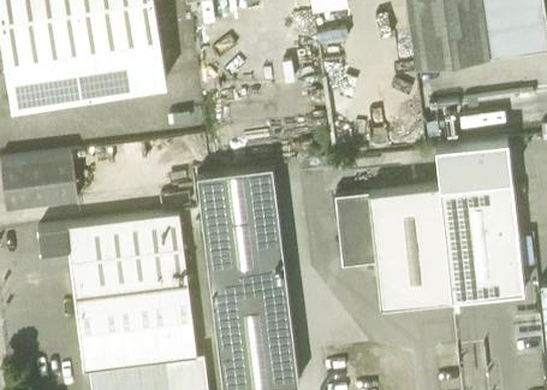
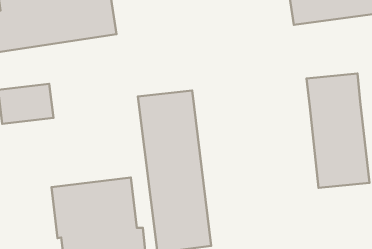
building: [334,188,452,311] -> none
building: [38,215,188,301] -> none

